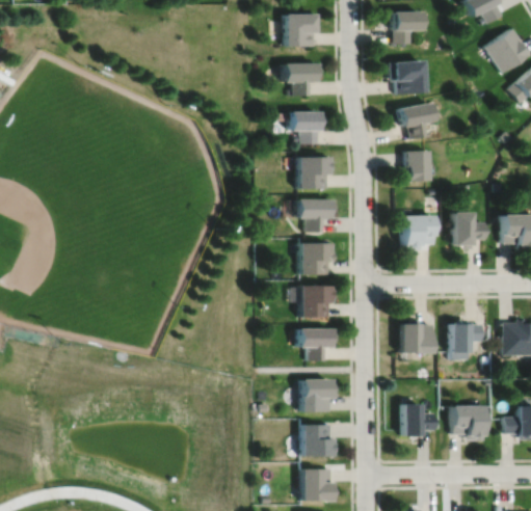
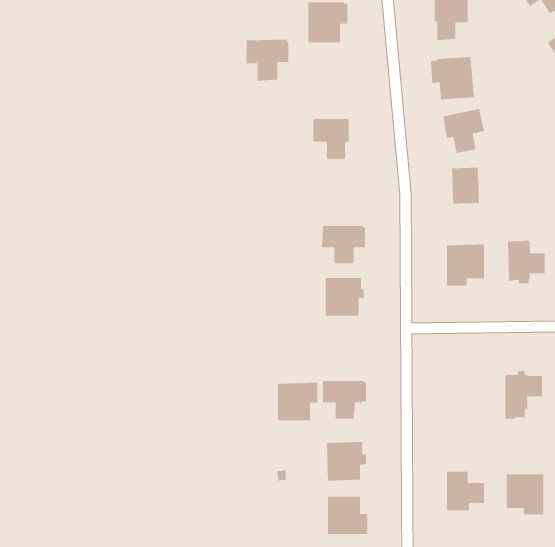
building: [283,61,319,97] -> [246,39,289,81]
building: [297,157,333,189] -> none
building: [300,286,335,318] -> [277,382,318,421]
building: [400,321,432,354] -> none

